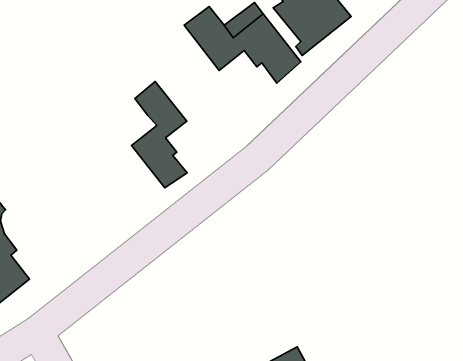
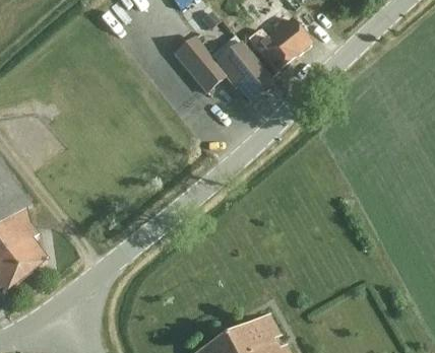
building: [131,82,187,188] -> none

